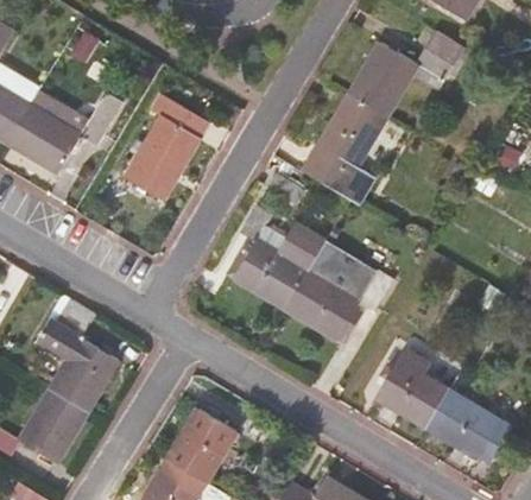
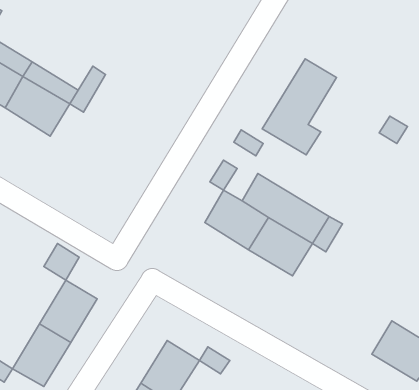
building: [352,29,464,112] -> none
building: [106,106,201,210] -> none
building: [378,350,450,426] -> none

